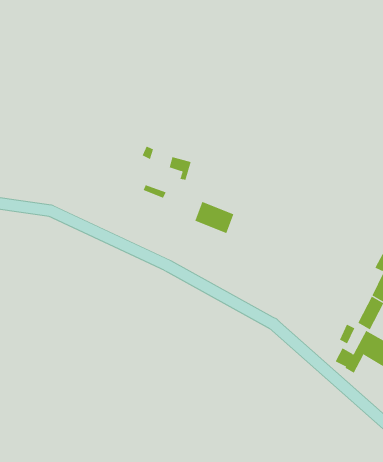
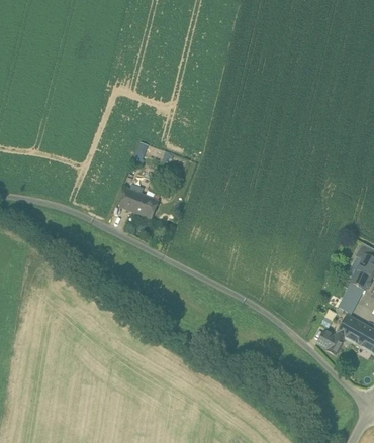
building: [194,201,234,234] -> [119,188,157,218]

